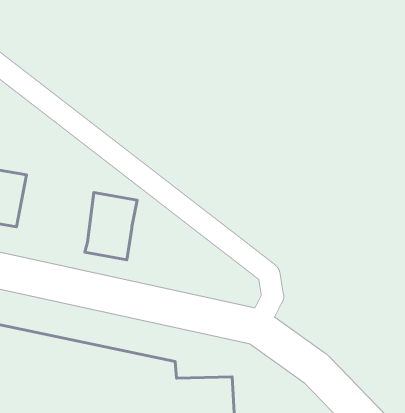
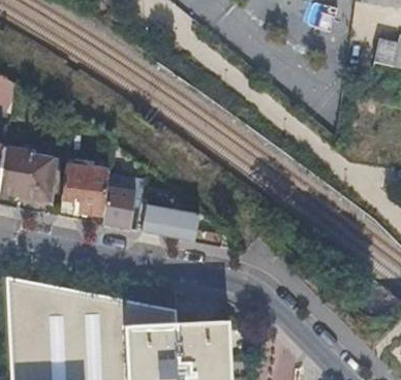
building: none -> [62,165,111,215]
building: none -> [136,203,199,241]

